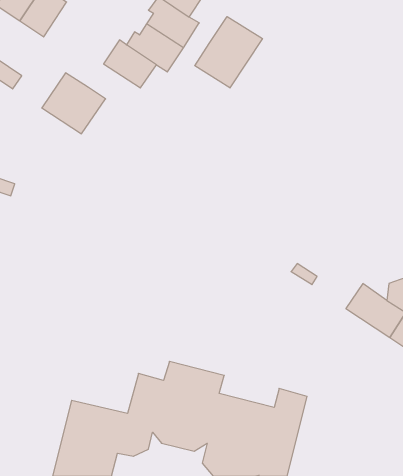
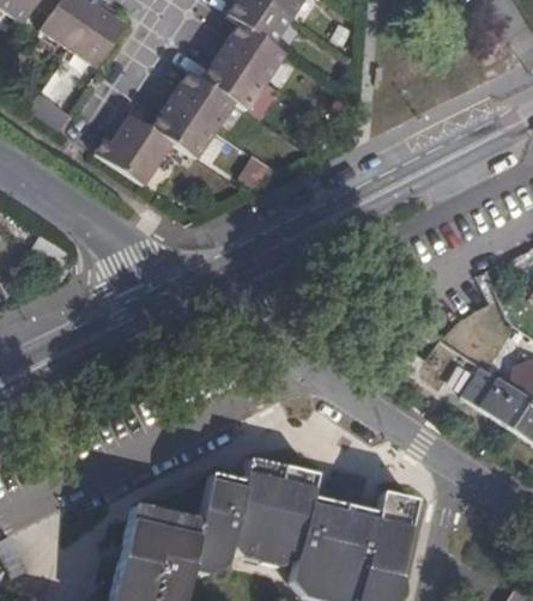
building: [195,17,262,88] -> none
building: none -> [152,102,216,159]

